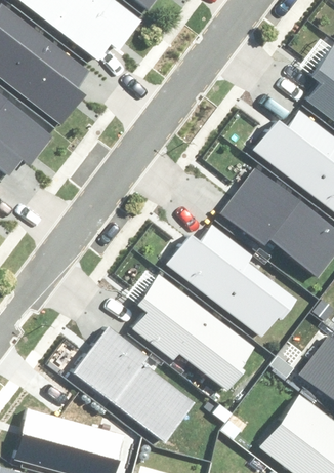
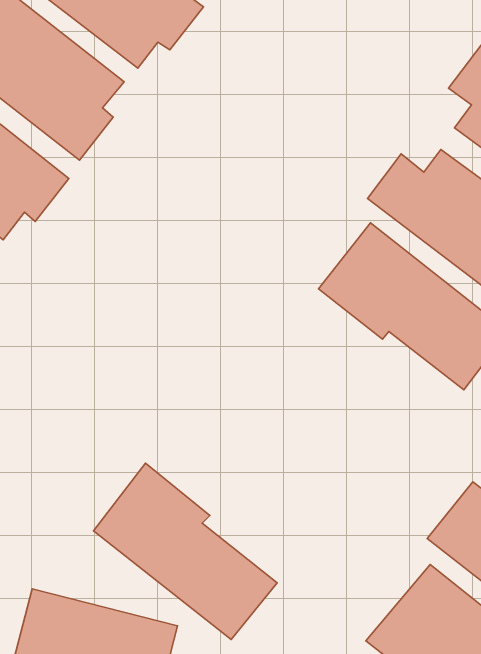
building: [167,229,299,337] -> none
building: [133,274,254,392] -> none

